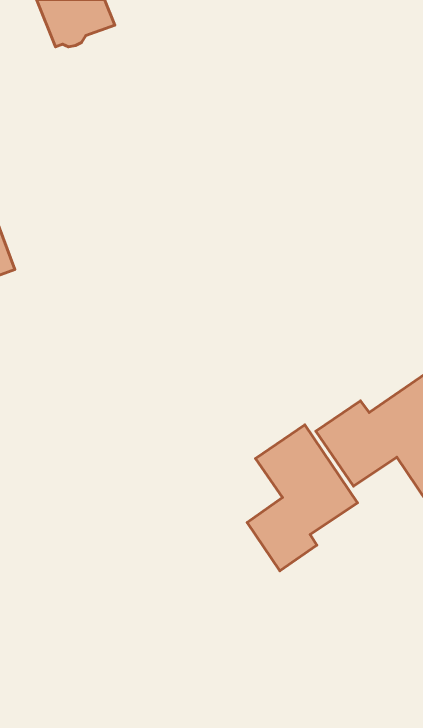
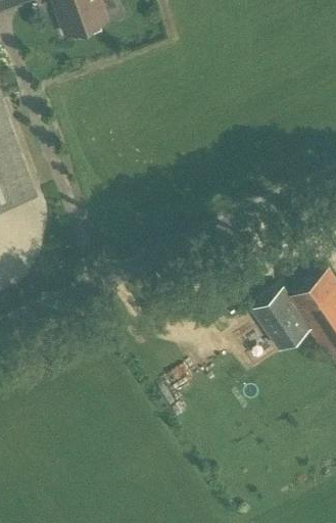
building: [247,425,358,571] -> none

